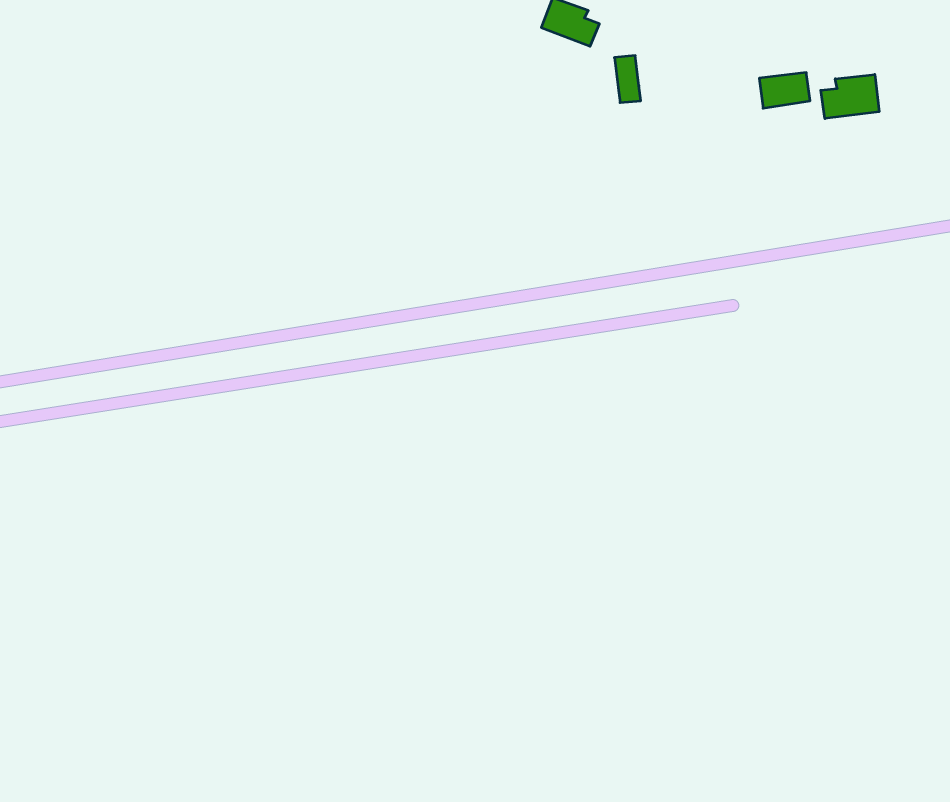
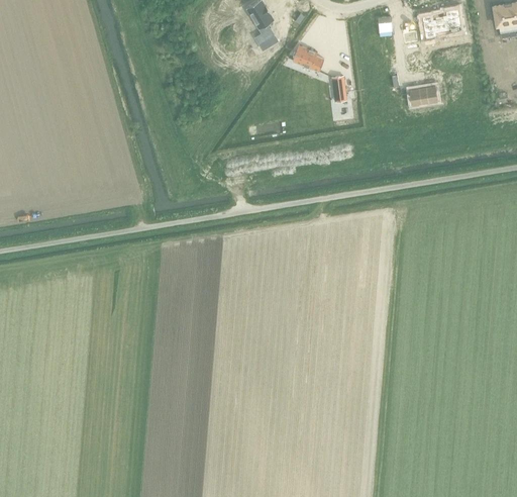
building: [821,74,879,119] -> none

